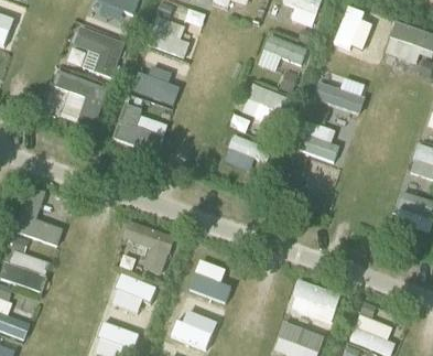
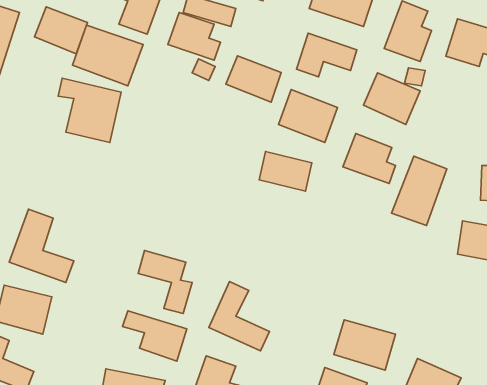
building: none -> [34,7,88,54]
building: [130,65,177,105] -> [226,56,281,102]
building: [111,106,169,155] -> none
building: none -> [392,156,447,226]

